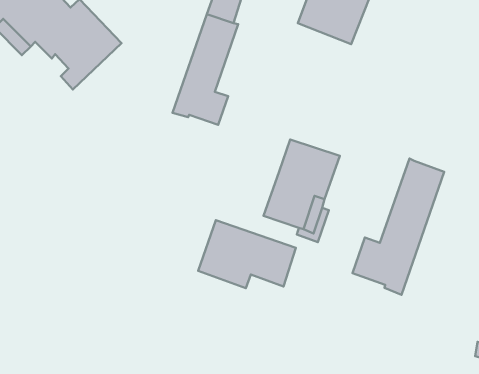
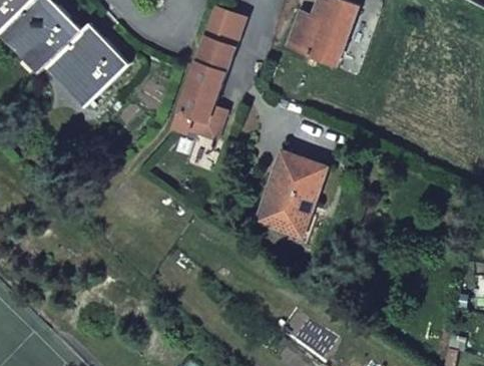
building: [352,159,444,295] -> none
building: [198,220,296,288] -> none

